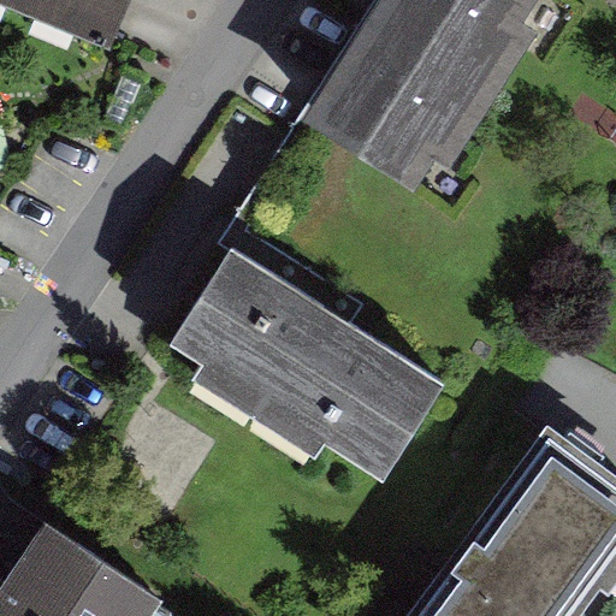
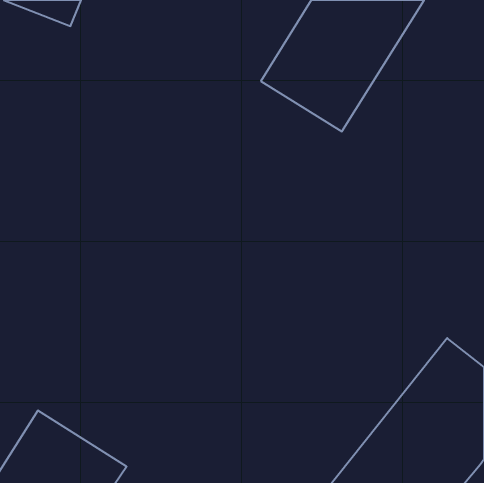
building: [176,253,433,464] -> none

